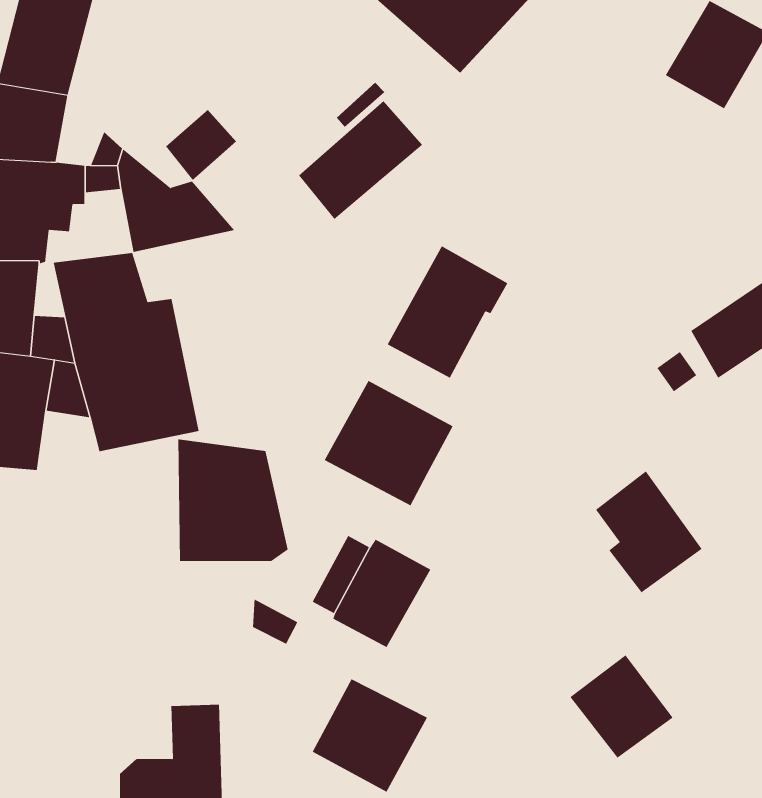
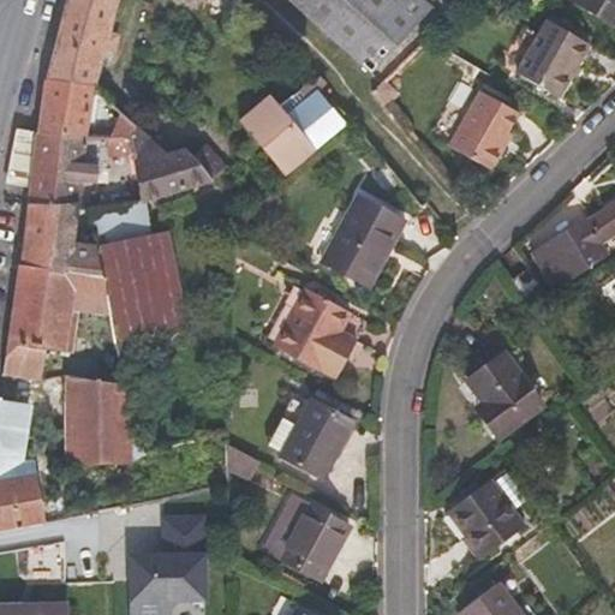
building: none -> [449,91,518,169]
building: [165,109,237,181] -> [239,94,289,144]
building: [178,439,288,562] -> [67,376,145,462]

